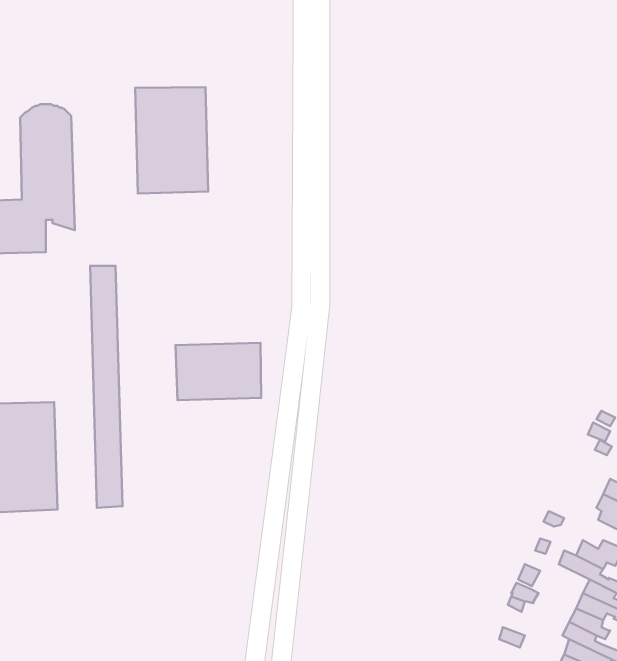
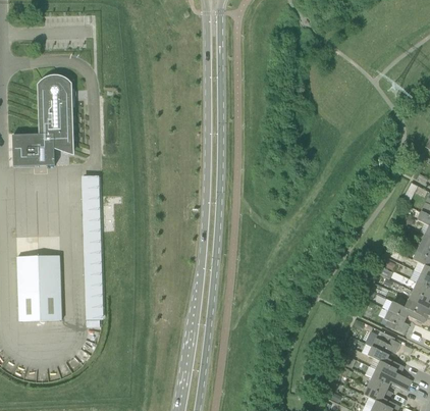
building: [135,87,208,194] -> none
building: [176,343,261,400] -> none

